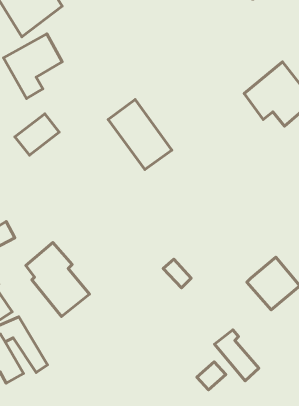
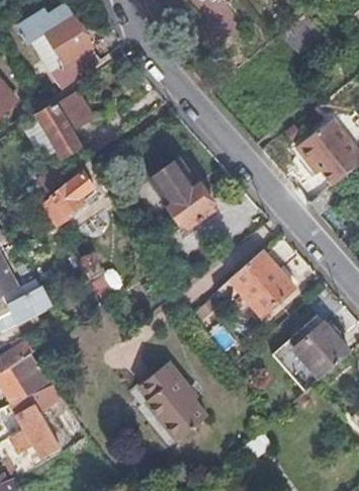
building: none -> [231,251,293,315]
building: [26,242,89,316] -> [131,356,198,434]
building: [215,330,259,381] -> [272,337,319,391]

